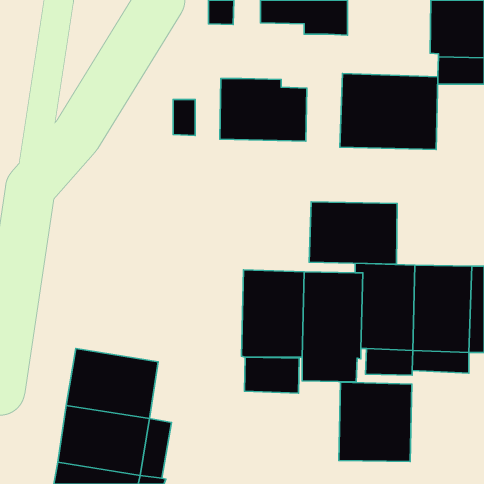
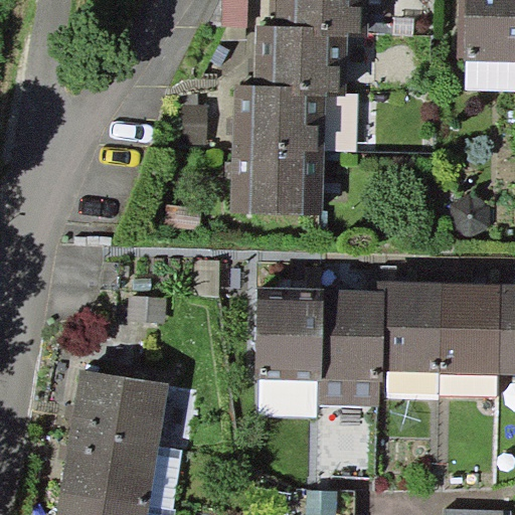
building: none -> [256,23,348,94]
building: [340,73,438,149] -> none
building: [309,202,397,264] -> [231,148,325,214]
building: [339,382,412,462] -> none

